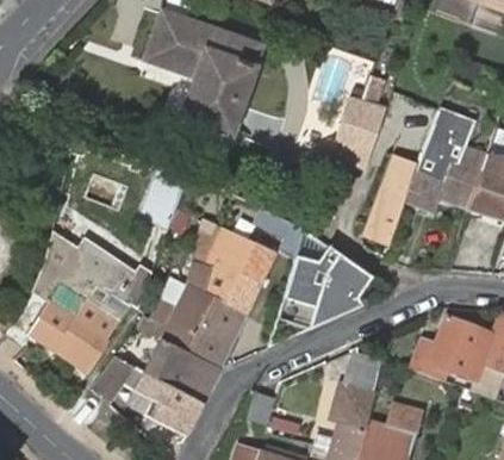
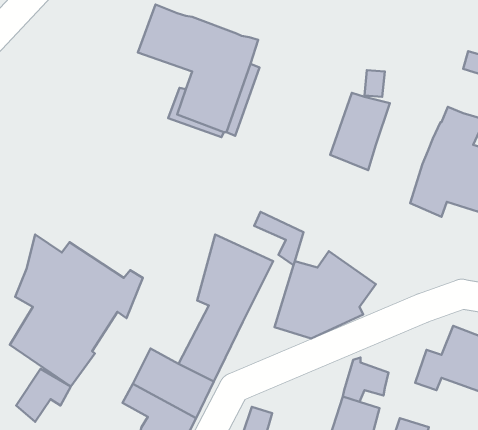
building: [365,154,417,245] -> none
building: [143,222,222,352] -> none
building: [93,354,144,404] -> [16,369,71,422]

